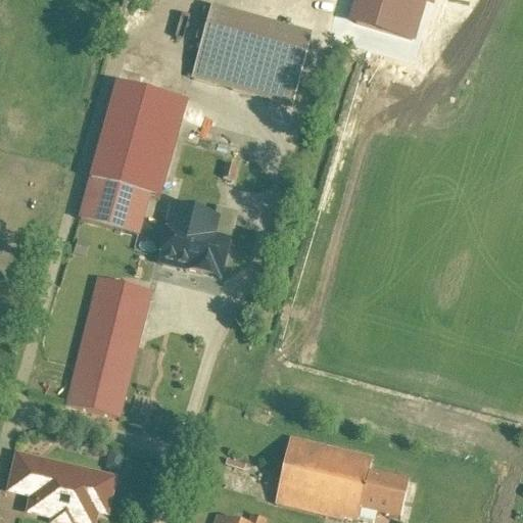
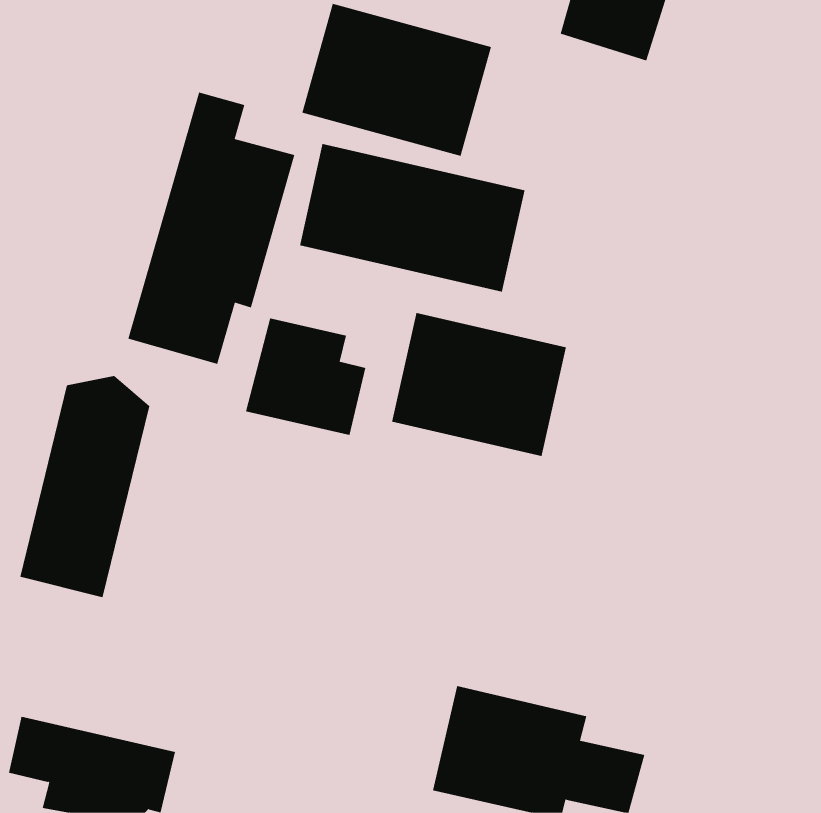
building: none -> [299,143,525,293]
building: none -> [391,312,566,457]
building: [66,275,149,416] -> [19,375,150,598]

